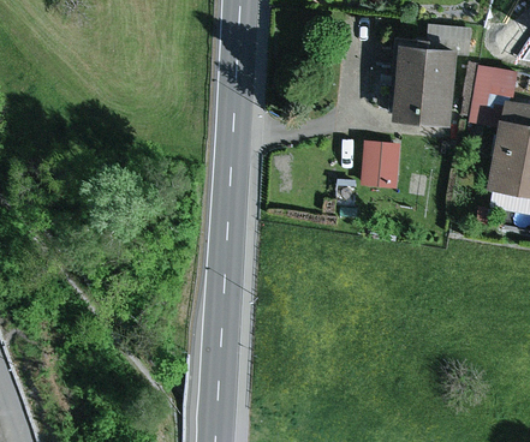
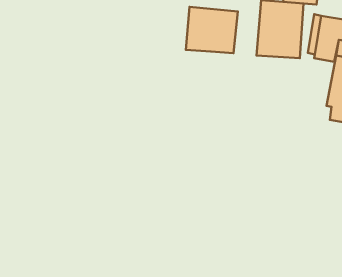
building: none -> [186,7,238,53]
building: [361,143,400,191] -> none

